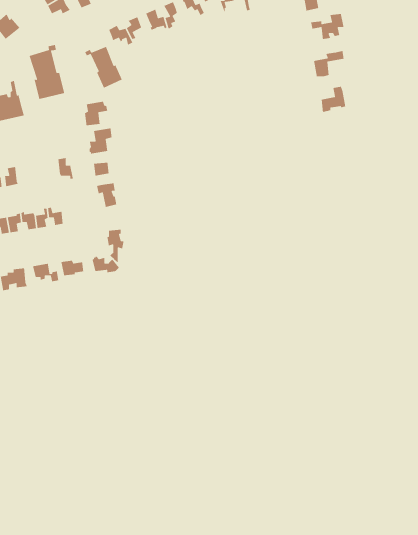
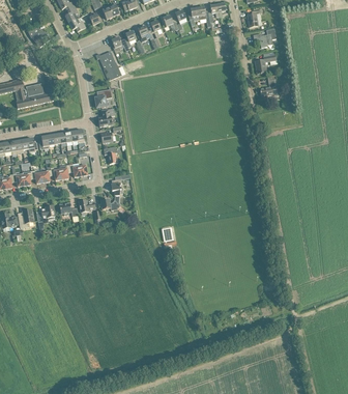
building: [29,44,65,100] -> none

